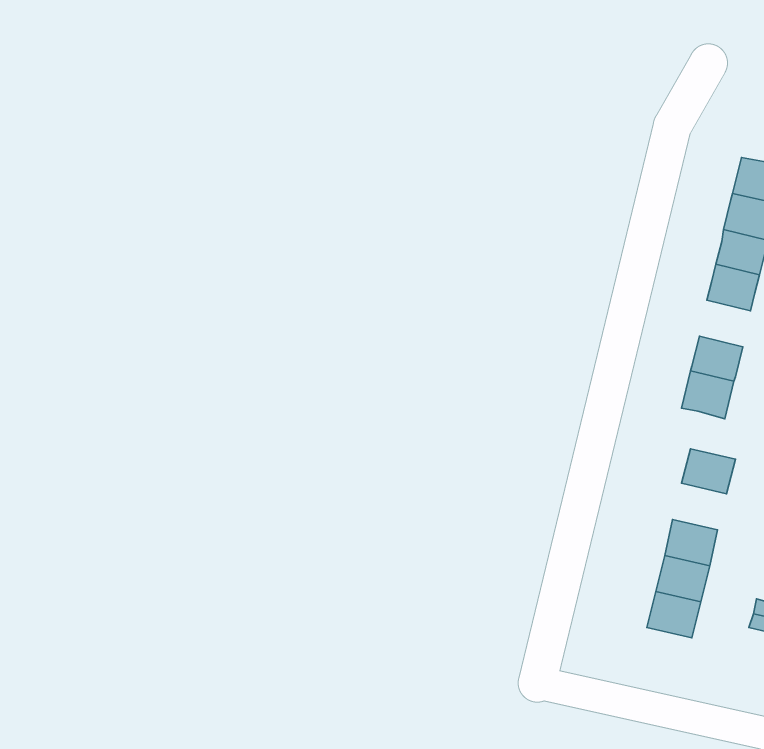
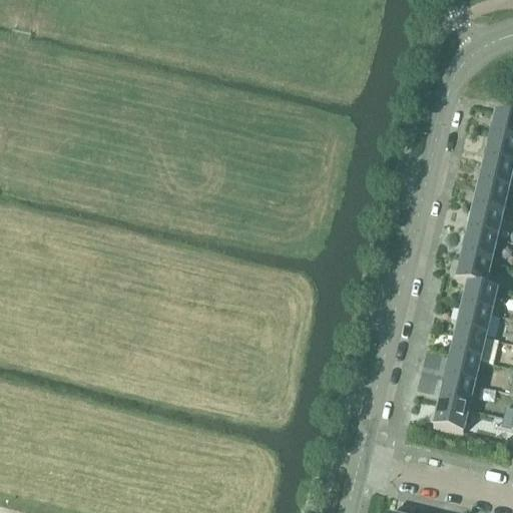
building: none -> [469,200,503,231]
building: none -> [463,275,501,307]
building: none -> [451,323,487,354]

